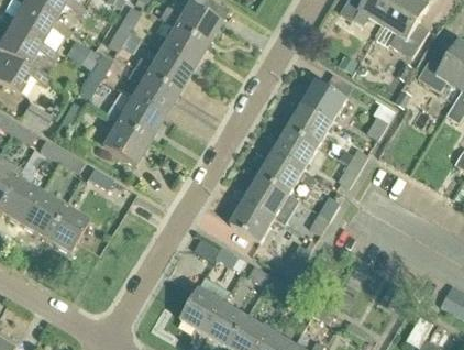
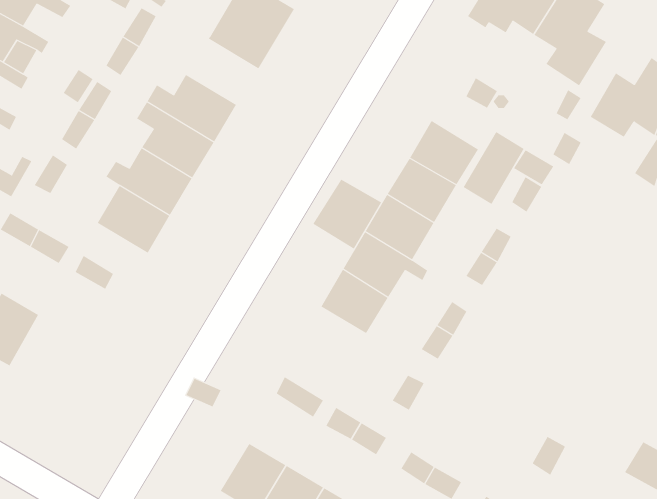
building: [156,19,206,69] -> none
building: none -> [463,131,525,205]
building: none -> [313,179,382,249]
building: [231,199,275,241] -> none
building: [45,205,88,252] -> none

